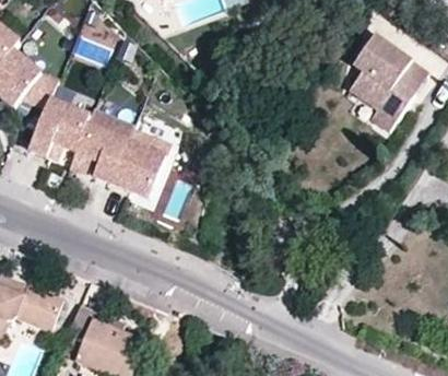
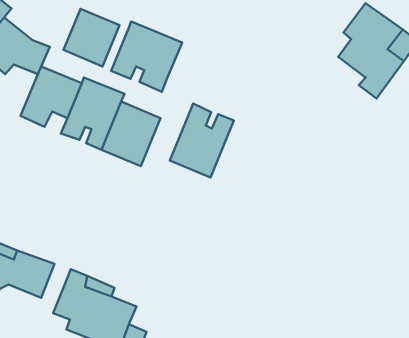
building: none -> [64,9,120,66]
building: none -> [111,22,182,92]
building: none -> [170,103,234,177]

